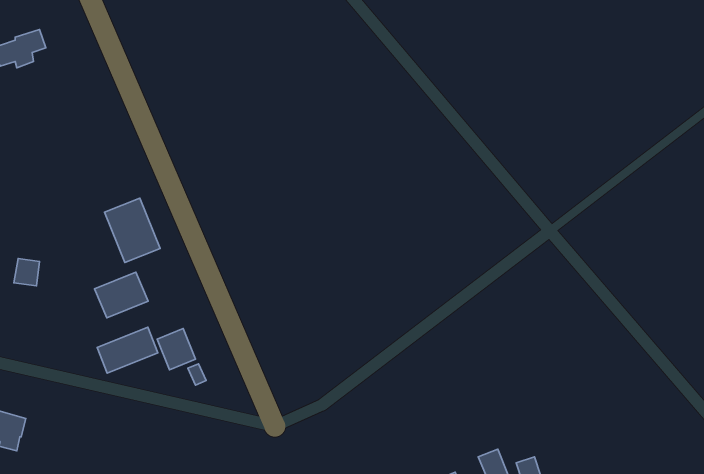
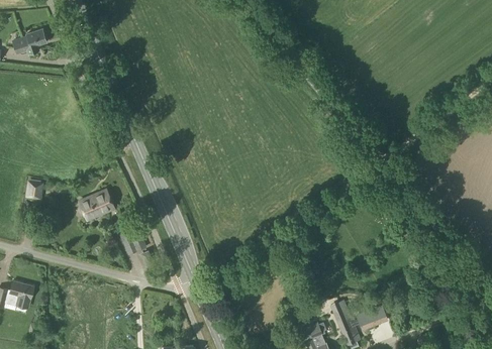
building: [104,198,160,262] -> none
building: [97,327,158,373] -> none

